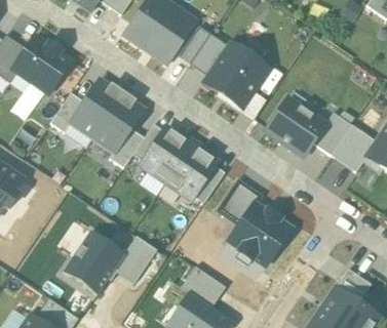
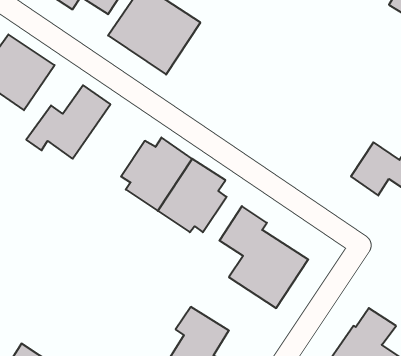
building: [191,34,265,108] -> none
building: [90,92,147,166] -> none
building: [265,93,351,157] -> none
building: [65,229,157,293] -> none

